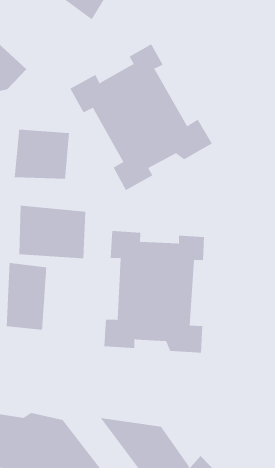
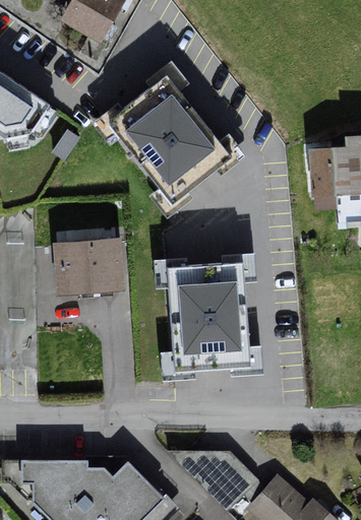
building: [14,129,69,179] -> none
building: [6,262,47,331] -> none

